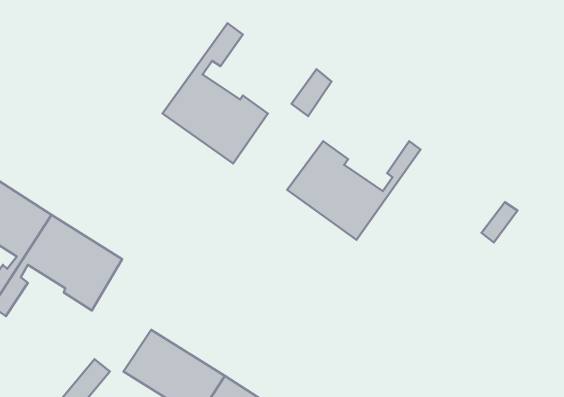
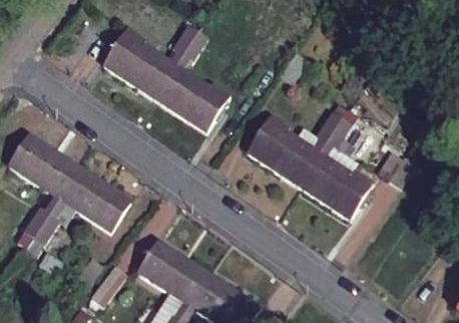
building: none -> [108,21,205,93]
building: none -> [299,119,374,221]

